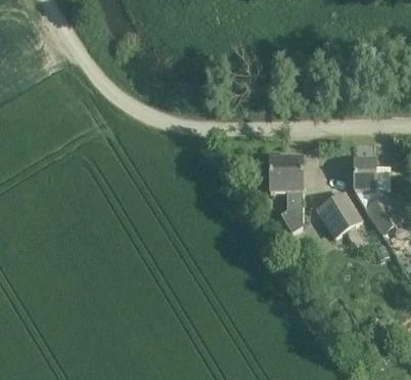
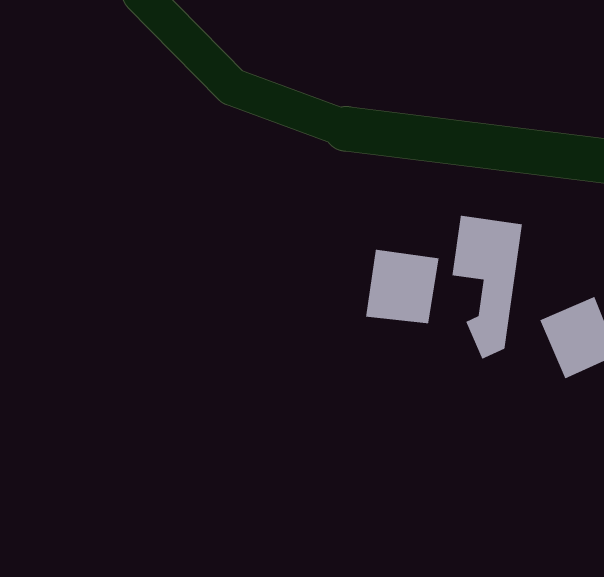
building: none -> [365,249,440,324]

